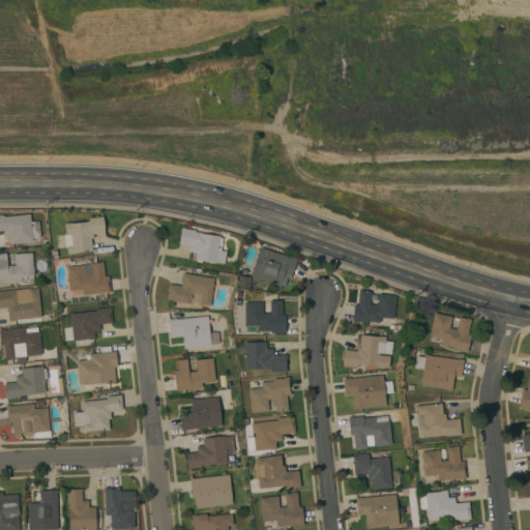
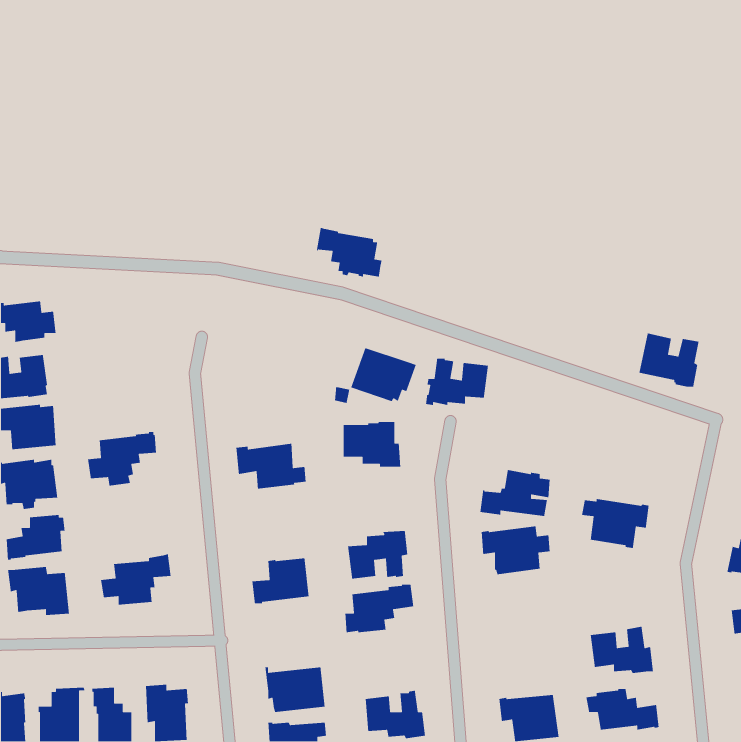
building: [64,216,106,254] -> none
building: [179,228,227,264] -> [316,227,383,278]
building: [67,262,111,295] -> none
building: [167,273,215,306] -> none
building: [352,290,398,324] -> [425,358,489,406]
building: [429,313,472,352] -> [638,332,700,388]
building: [238,343,288,373] -> none
building: [78,351,118,385] -> none
building: [175,359,215,391] -> none
building: [416,403,462,438] -> none
building: [349,416,392,450] -> none
building: [186,436,235,470] -> none
building: [353,453,392,491] -> none
building: [255,455,301,489] -> none

